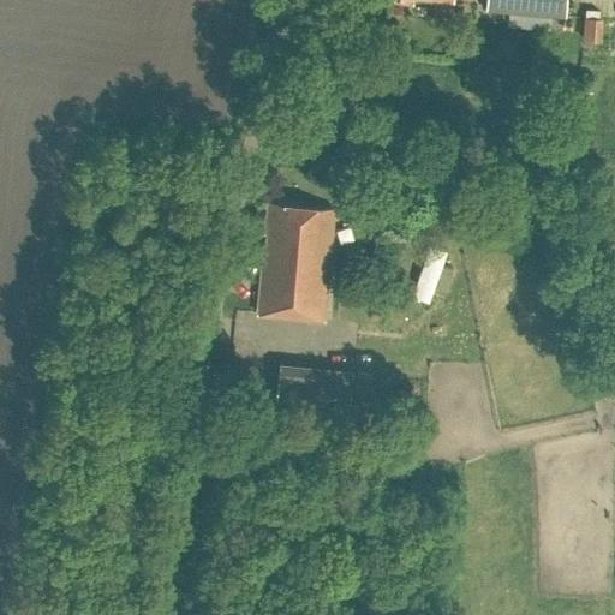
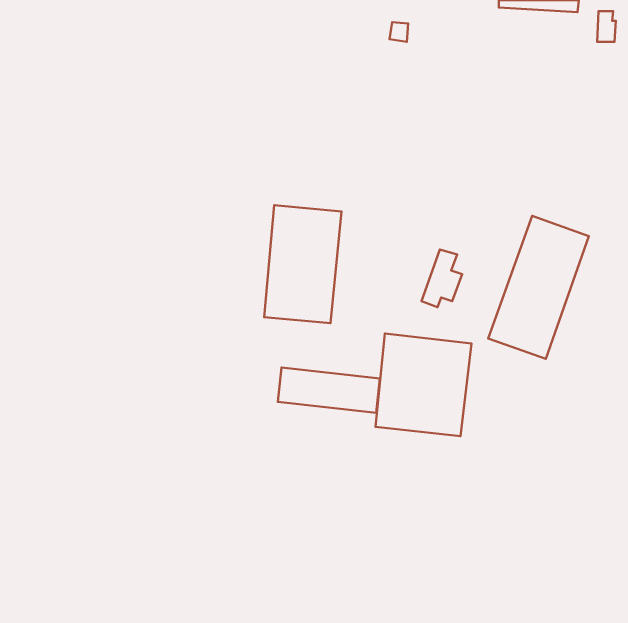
building: none -> [488,216,589,359]
building: none -> [376,334,471,436]

